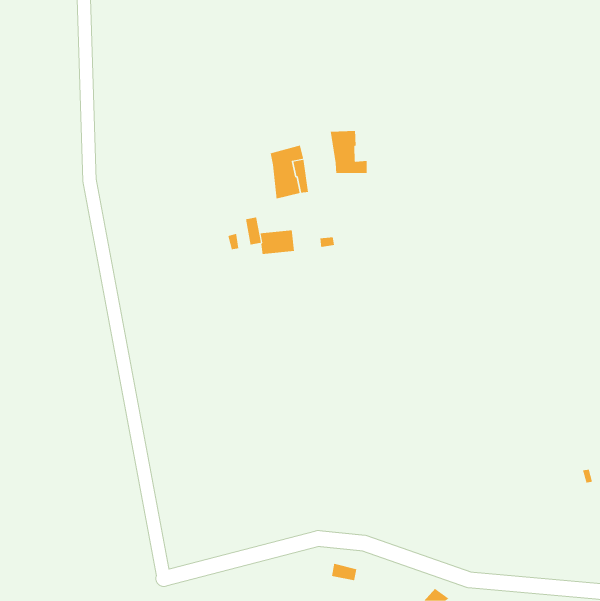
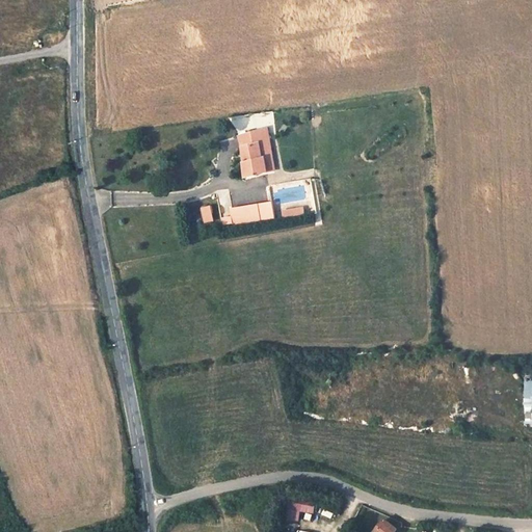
building: [330,130,367,174] -> none

